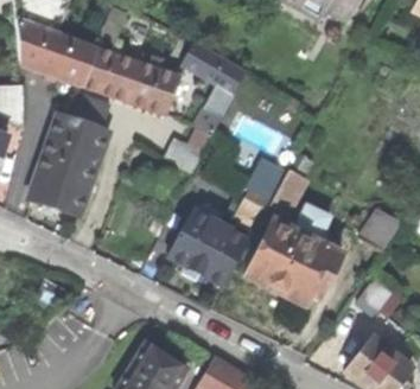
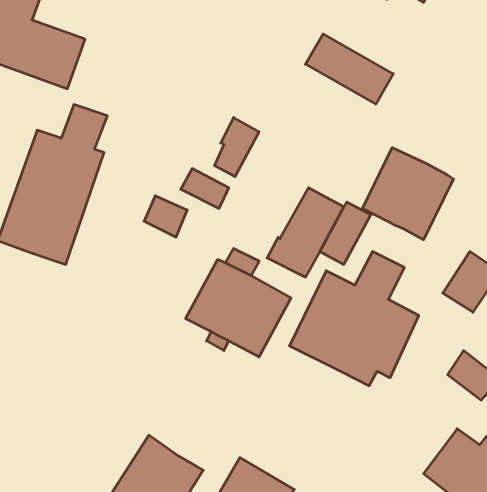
building: [182,40,247,93] -> [305,34,393,104]
building: [81,47,180,114] -> none
building: none -> [362,148,453,240]

